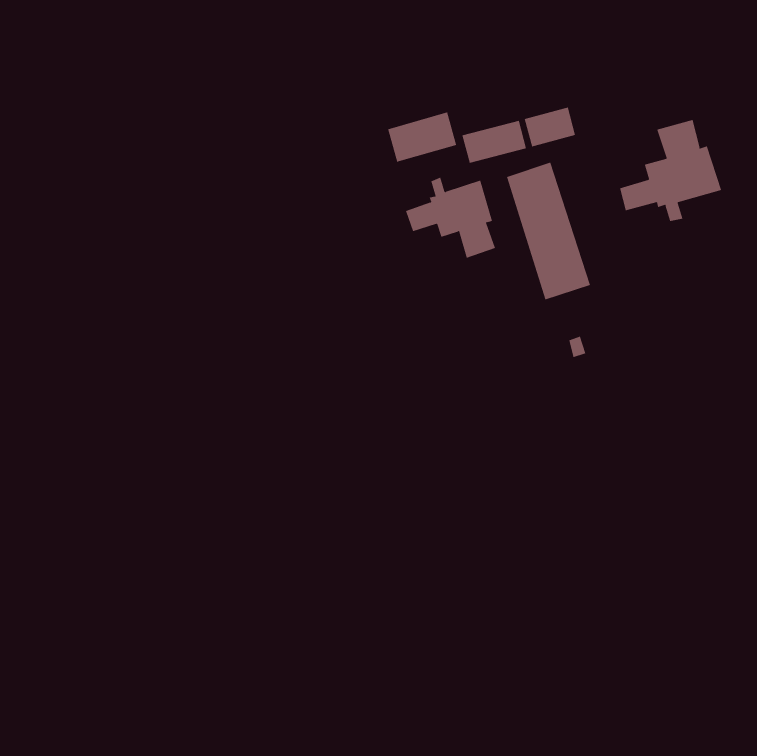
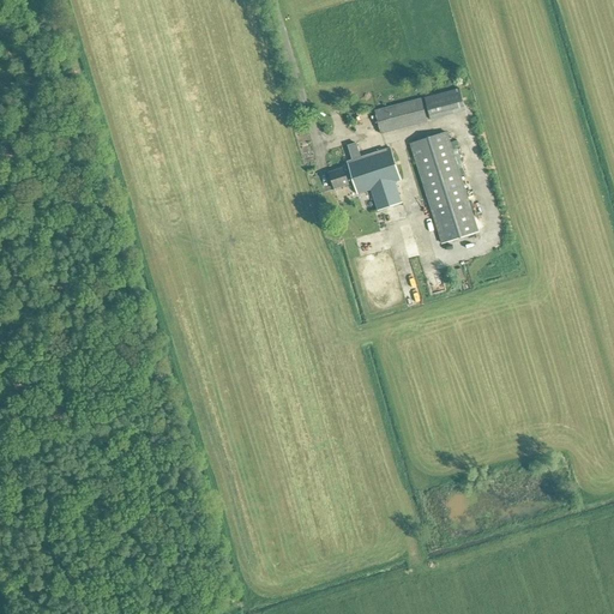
building: [387,112,457,163] -> none
building: [620,119,722,222] -> none

